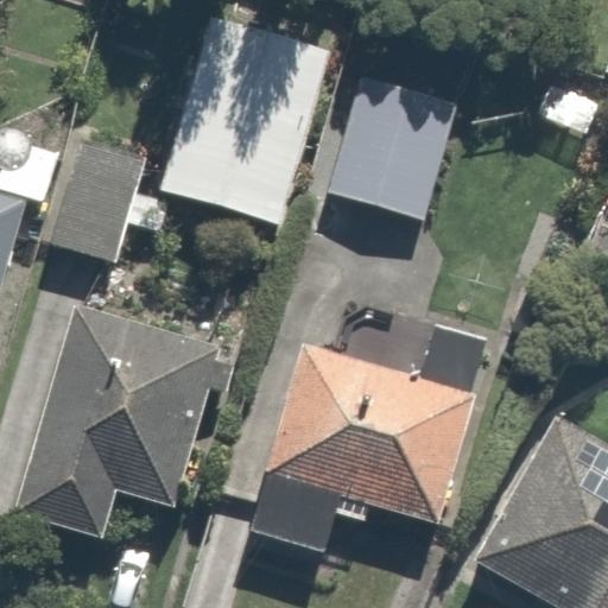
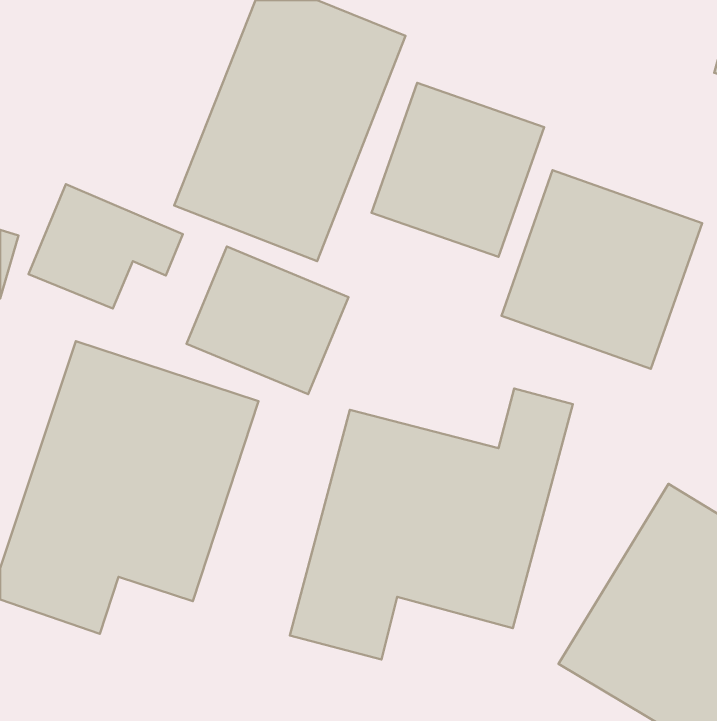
building: none -> [501,170,702,369]
building: none -> [187,247,348,394]

